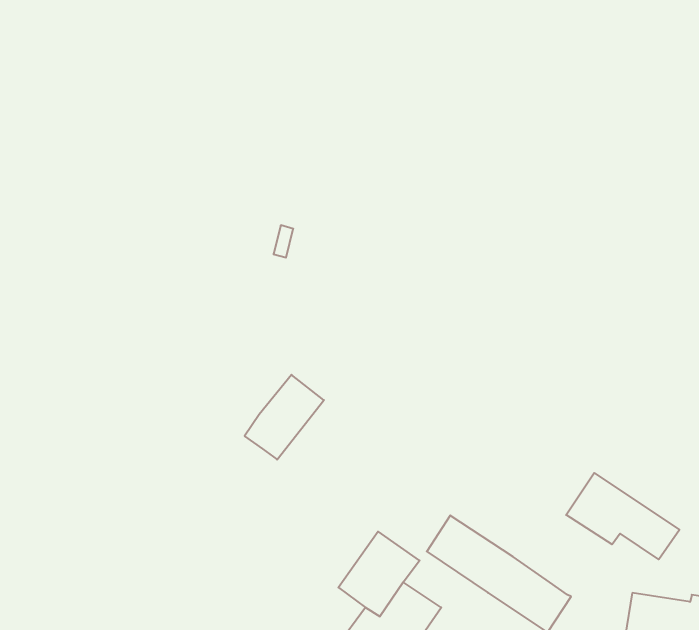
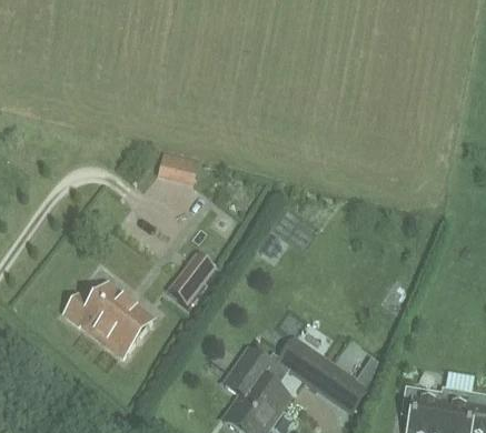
building: none -> [65,282,152,353]
building: [566,473,679,559] -> none

